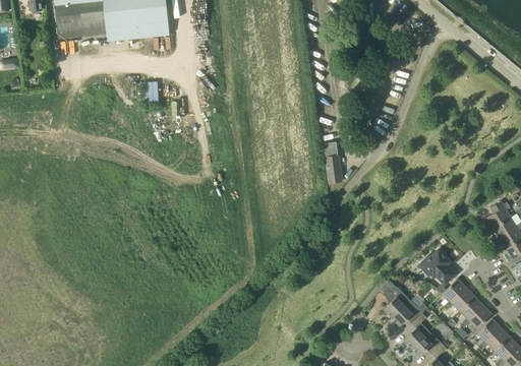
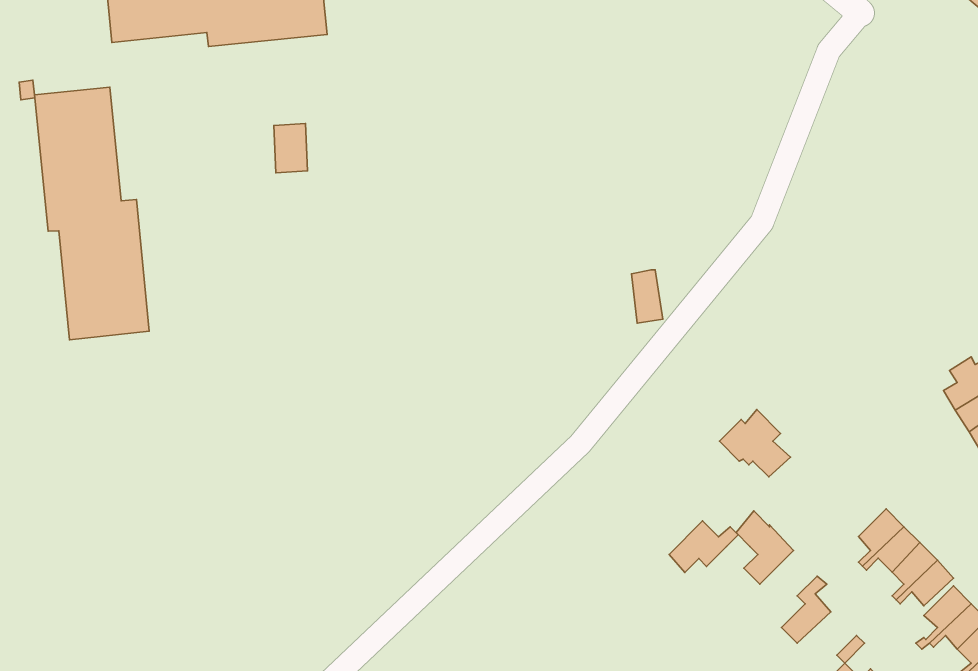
building: none -> [35,87,149,340]
building: [418,249,455,284] -> [719,410,790,477]
building: [392,300,427,326] -> [669,521,738,572]
building: [411,331,442,357] -> none

